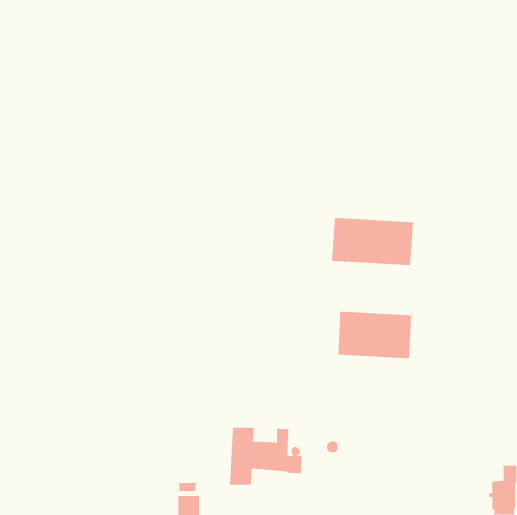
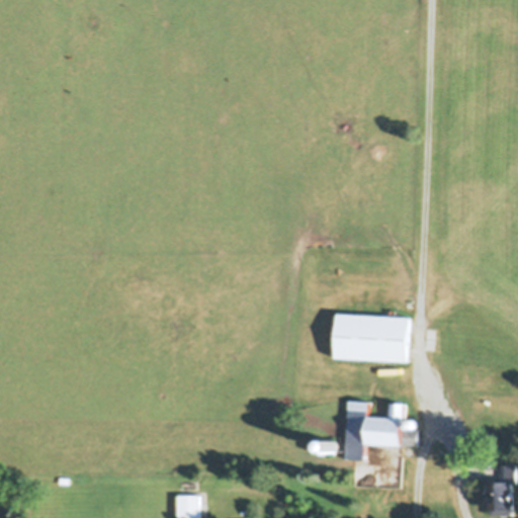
building: [332,217,413,266] -> none
building: [229,427,303,485] -> [344,403,417,460]

